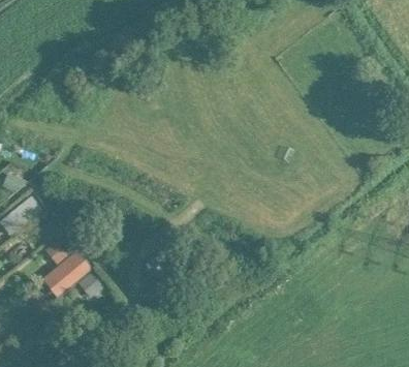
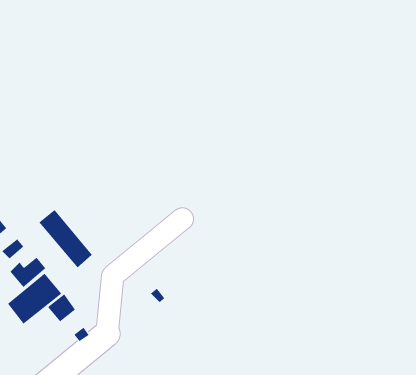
building: none -> [38,209,93,268]

